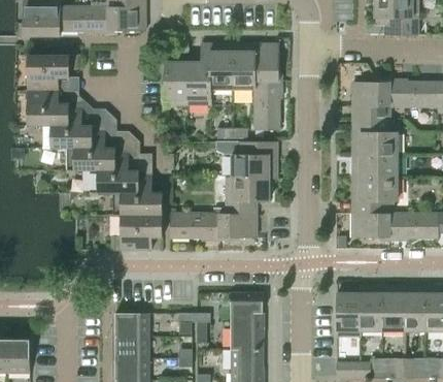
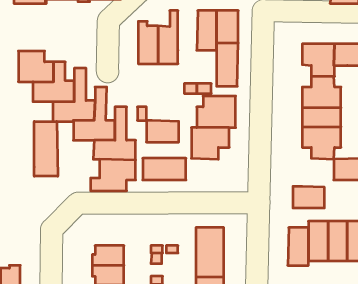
building: [210,44,233,90] -> none
building: [28,55,79,91] -> none
building: none -> [34,121,58,176]
building: [219,214,257,238] -> [146,120,179,142]
building: [352,214,388,238] -> [293,186,324,208]

